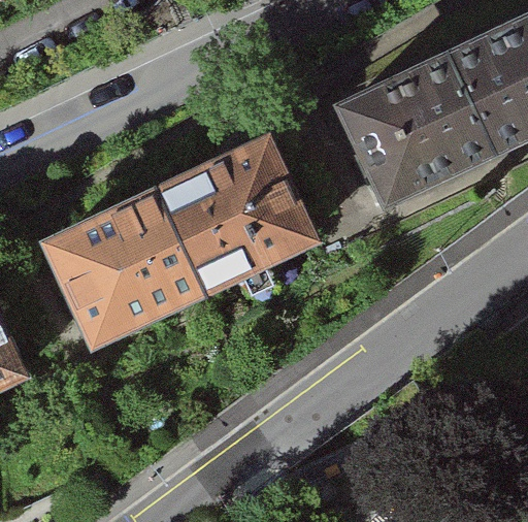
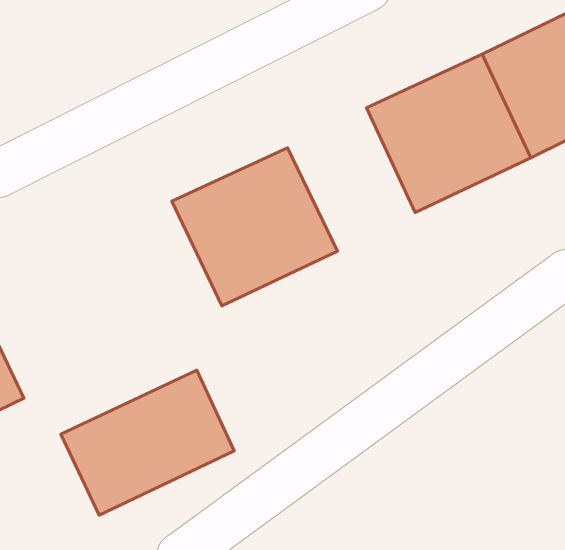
building: [54,193,206,340] -> none
building: none -> [61,370,234,515]

